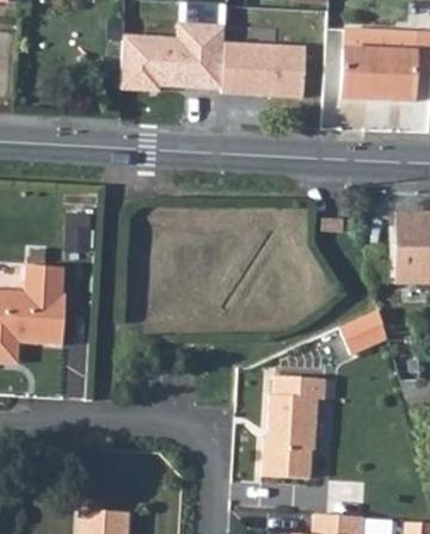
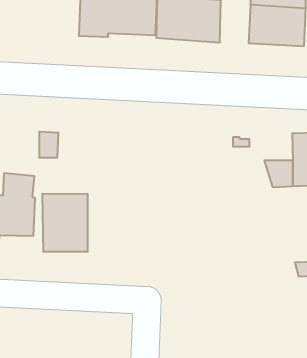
building: none -> [42,194,88,252]
building: [339,312,389,356] -> none
building: [263,376,328,480] -> none

